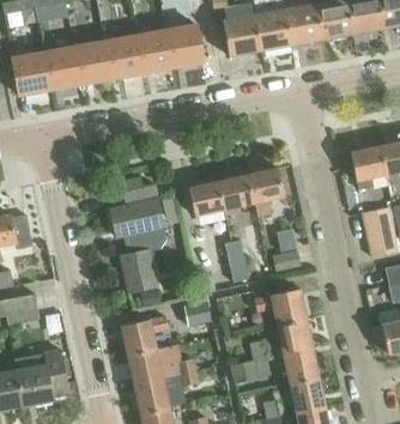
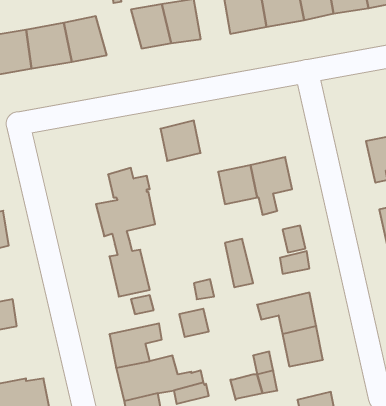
building: [109,35,150,75] -> none
building: [188,180,224,216] -> [160,121,201,161]
building: [281,347,319,383] -> none

